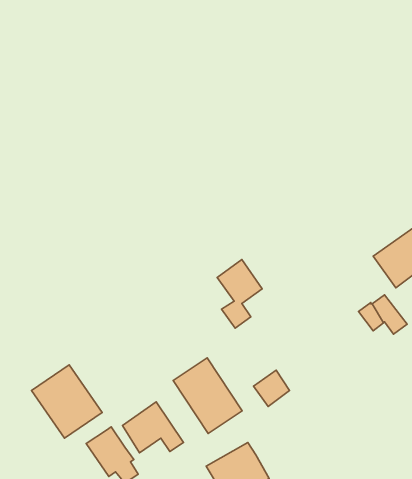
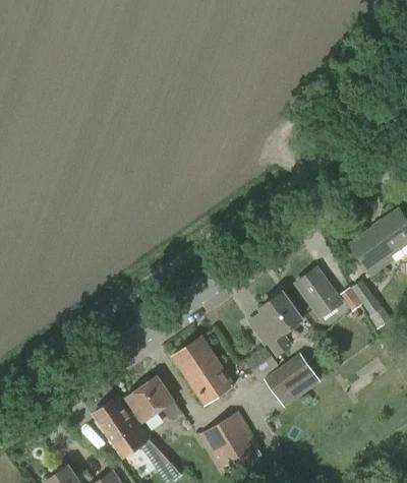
building: [217,259,262,328] -> [260,293,301,355]
building: none -> [296,268,341,317]
building: [32,365,102,438] -> none
building: none -> [264,353,319,408]

